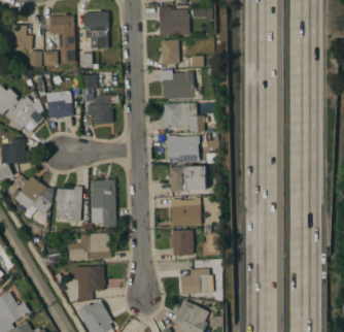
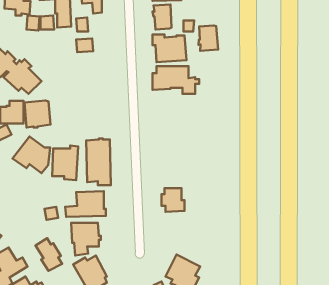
building: none -> [198,26,218,51]
building: [46,91,73,119] -> [25,101,50,127]
building: [88,97,112,124] -> none
building: [165,135,199,162] -> none
building: [168,166,206,192] -> none
building: [171,197,201,226] -> none
building: [181,268,213,295] -> none
building: none -> [35,238,62,271]

